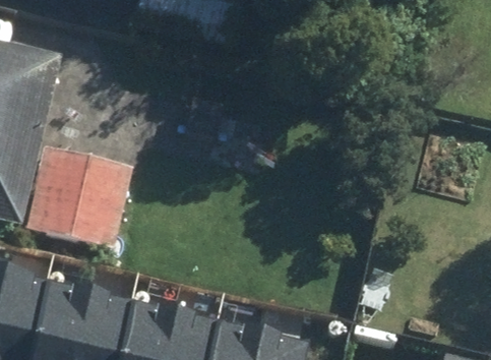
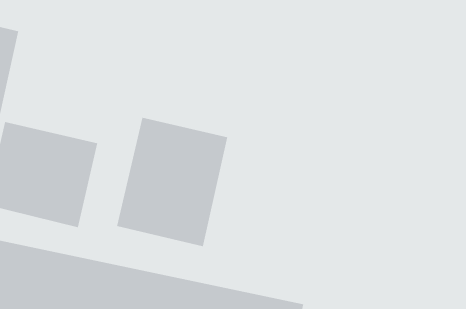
building: none -> [116,117,228,247]

